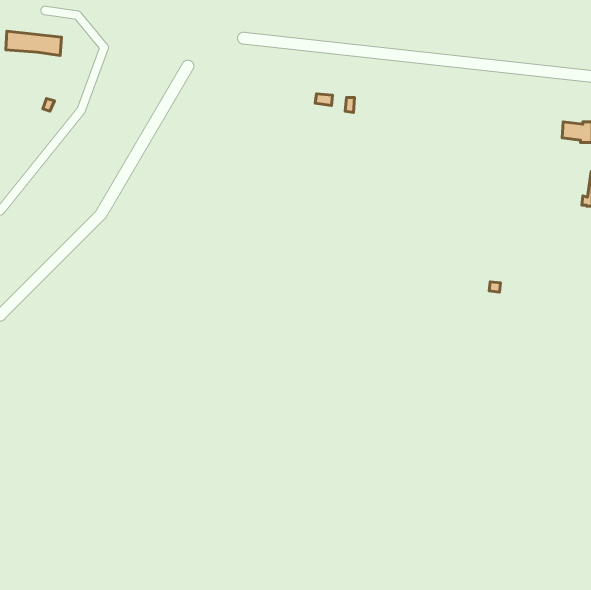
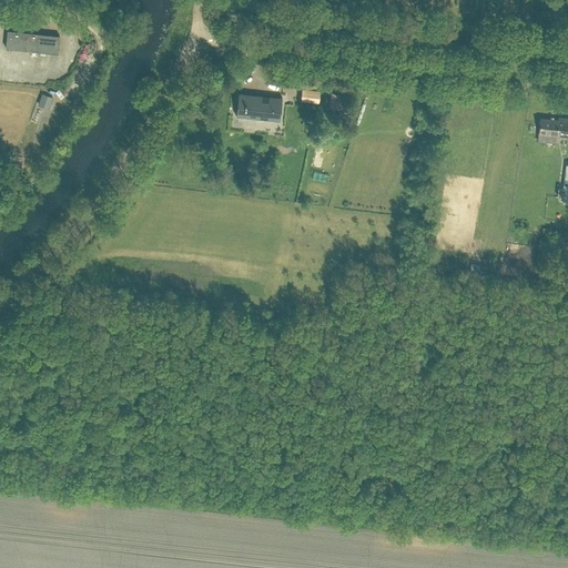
building: none -> [236,94,275,121]

